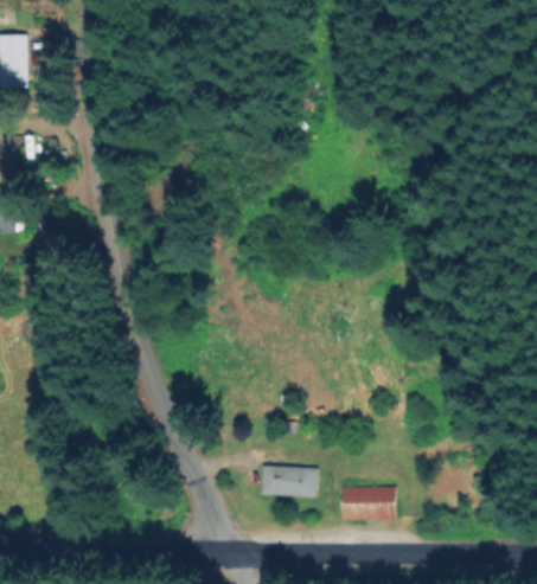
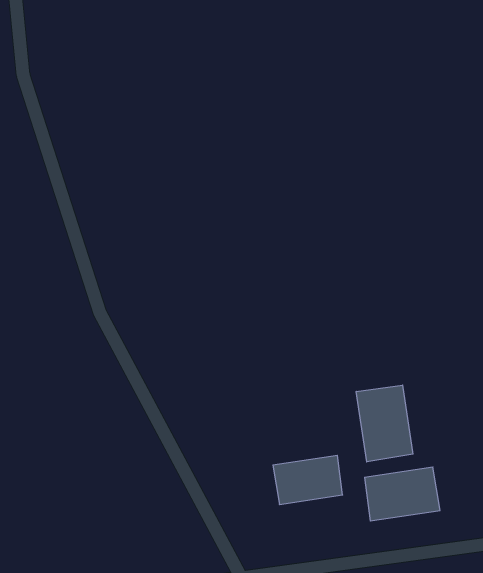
building: none -> [356,385,413,462]

